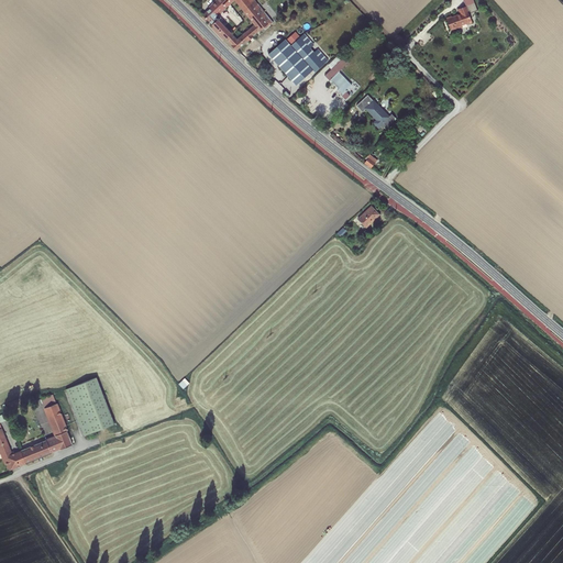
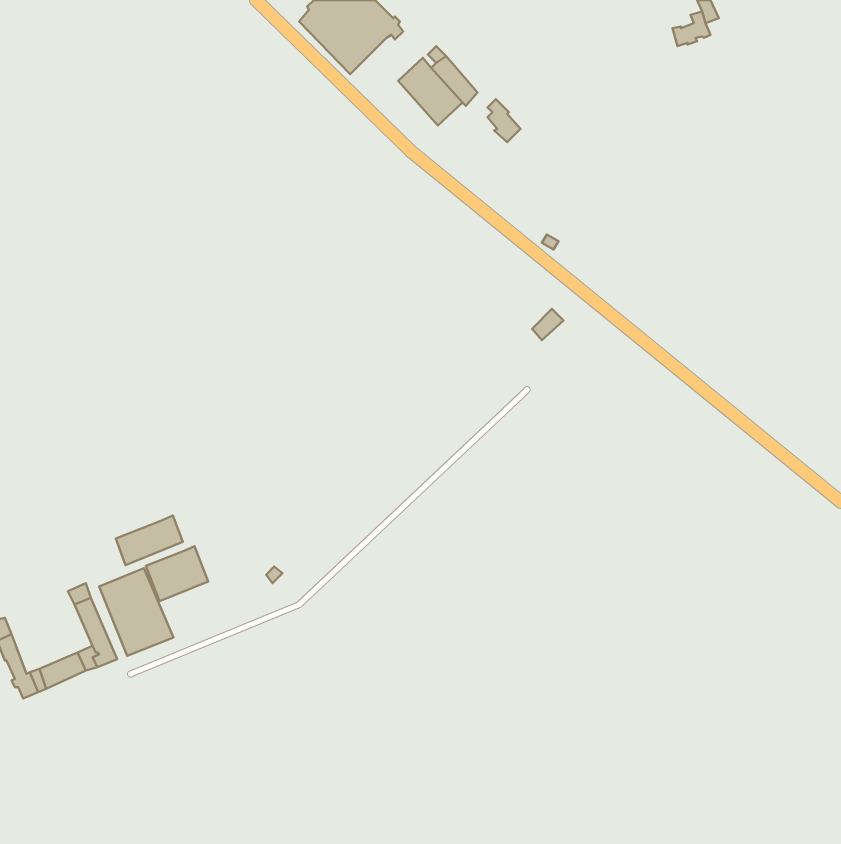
building: [354,93,393,129] -> none
building: none -> [116,516,183,565]
building: none -> [146,546,208,601]

